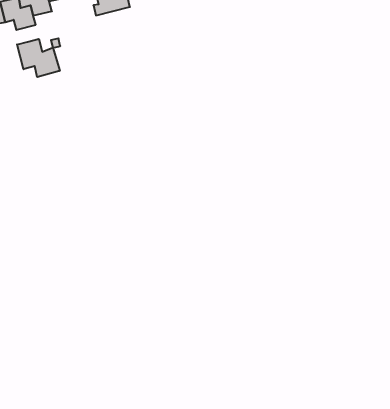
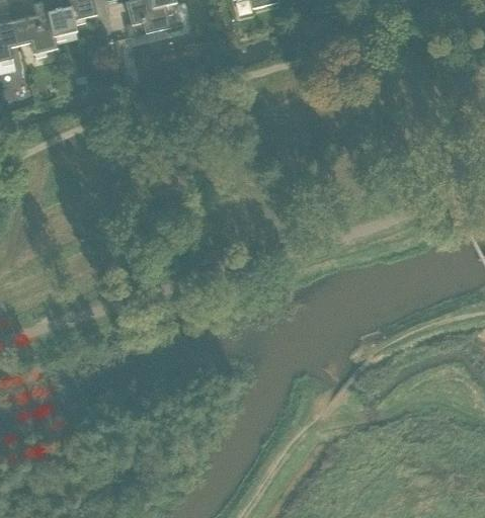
building: [17,39,60,77] -> none

